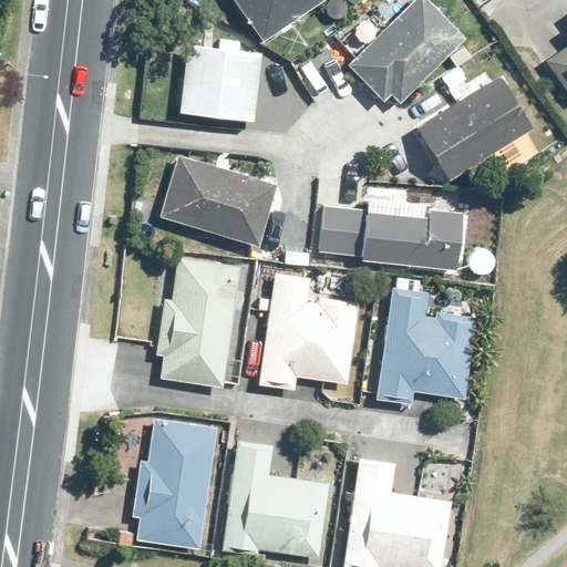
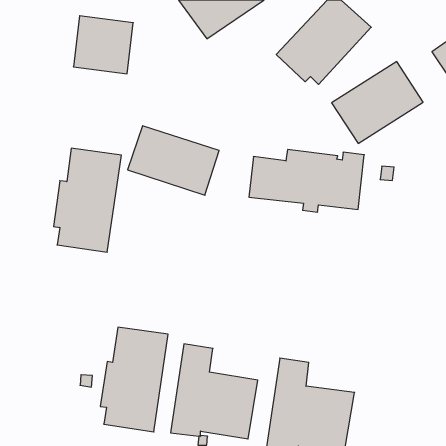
building: [186,53,261,126] -> [73,16,133,74]
building: [154,255,239,385] -> [54,148,121,252]
building: [257,270,359,389] -> none
building: [374,286,475,402] -> none

